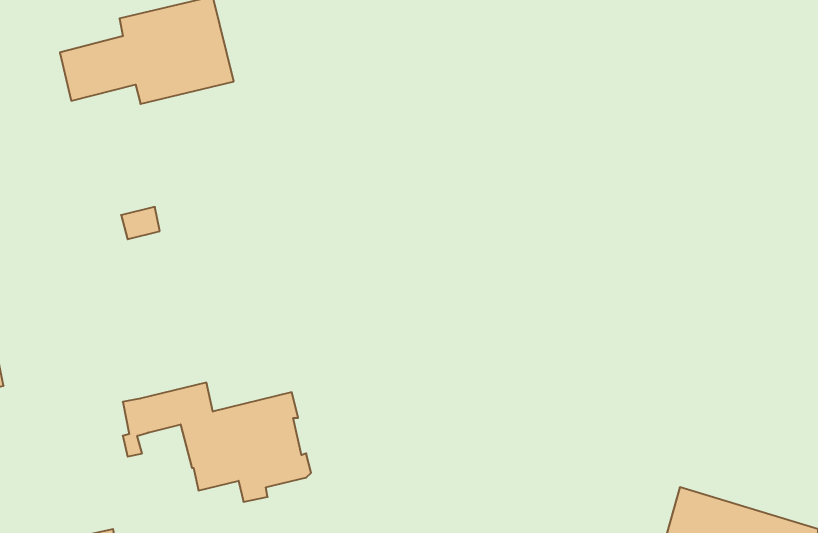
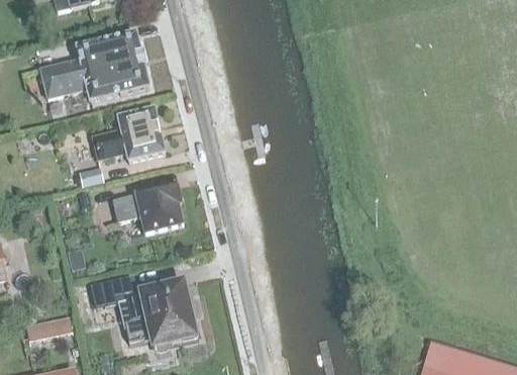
building: none -> [95,108,166,161]
building: none -> [112,185,183,232]
building: none -> [26,315,73,341]

